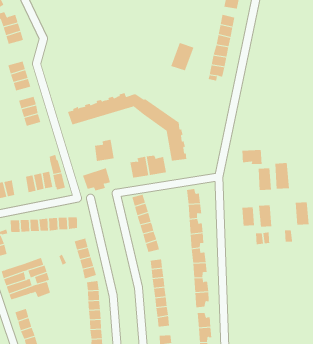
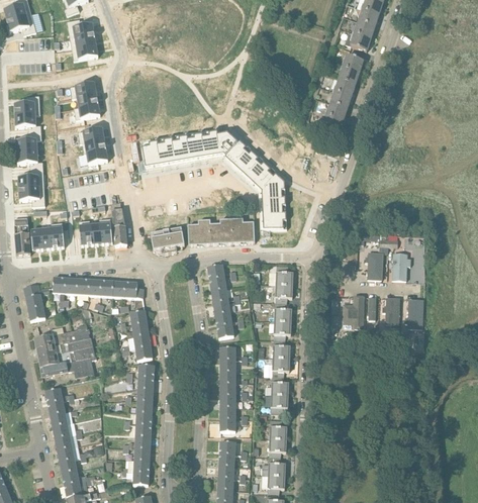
building: [171,42,194,71] -> none
building: [94,139,114,161] -> [188,218,211,243]
building: [242,149,262,165] -> none
building: none -> [383,295,399,322]

